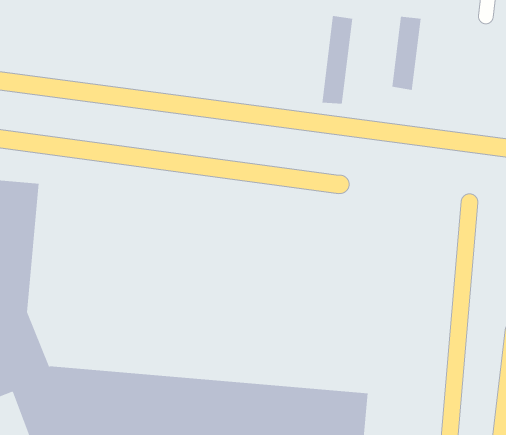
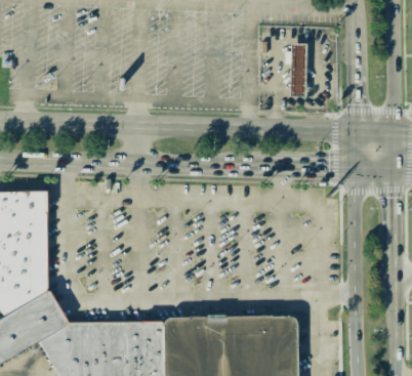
building: [322,15,353,104] -> none

